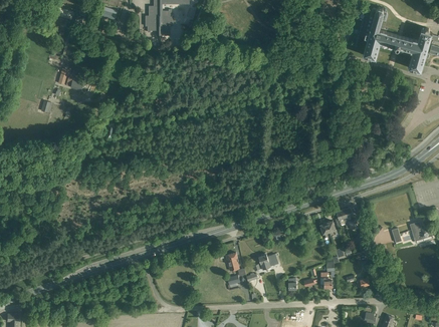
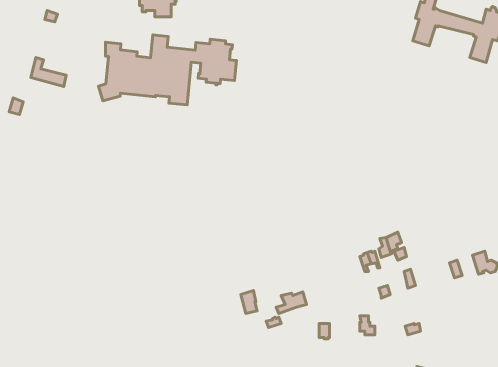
building: none -> [99,35,236,105]

